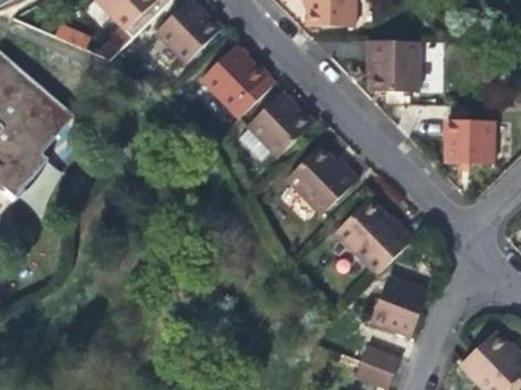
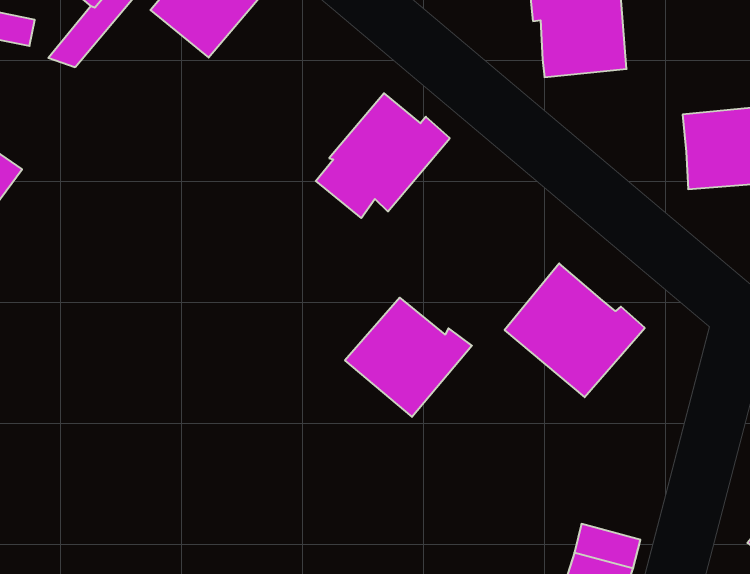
building: [200,46,273,118] -> none
building: [286,147,358,214] -> [345,298,472,417]
building: [371,277,427,336] -> none

